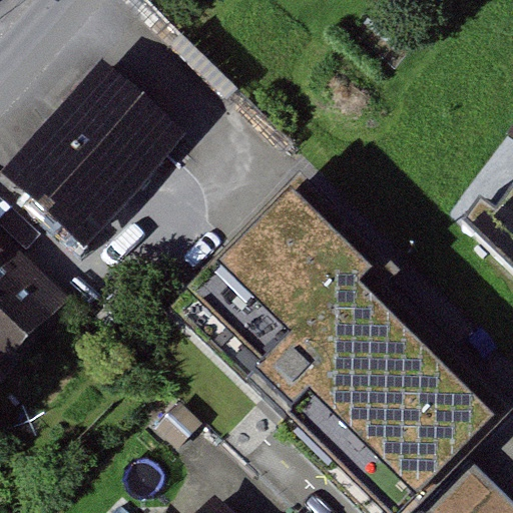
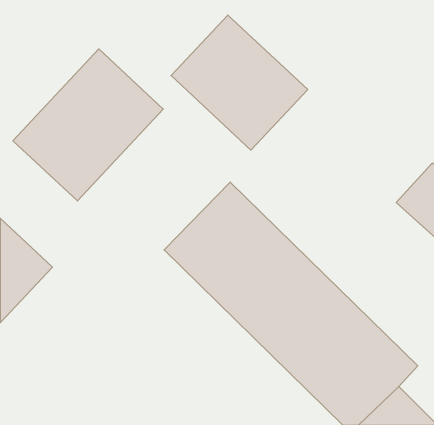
building: none -> [171,15,308,150]

